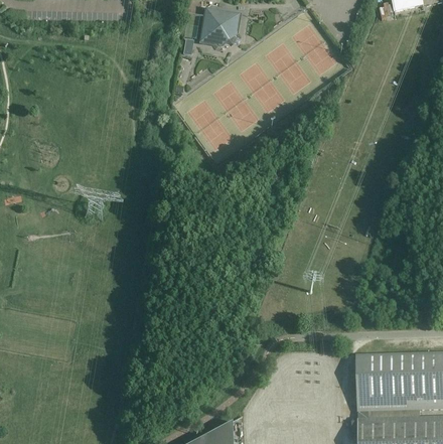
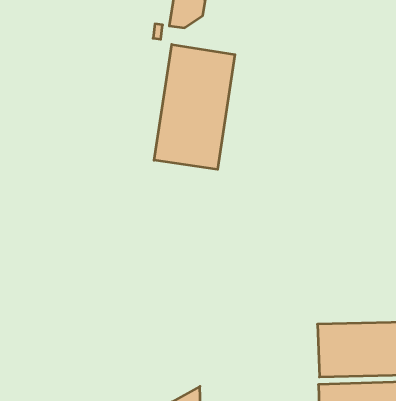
building: none -> [154,44,235,169]

